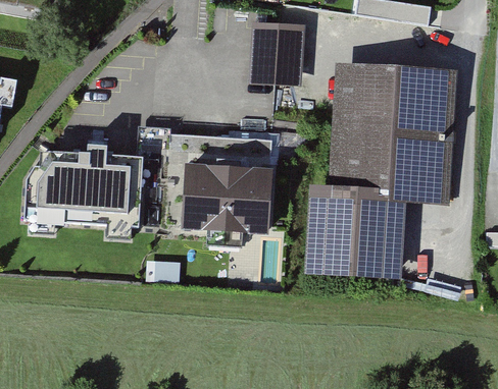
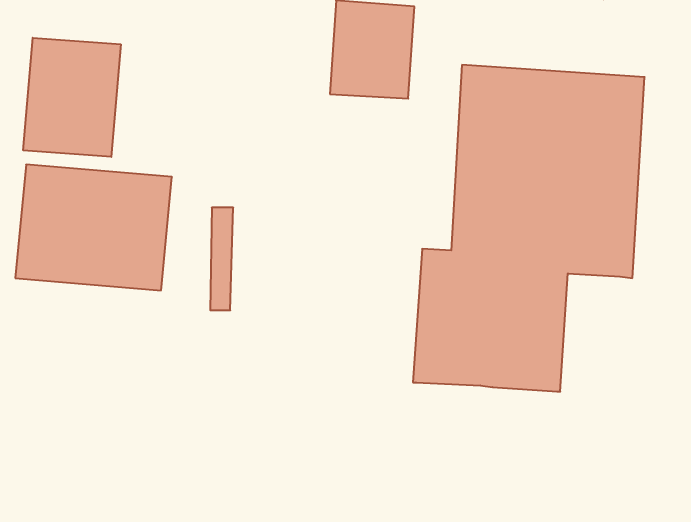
building: none -> [23,38,121,157]
building: [186,144,275,228] -> none

